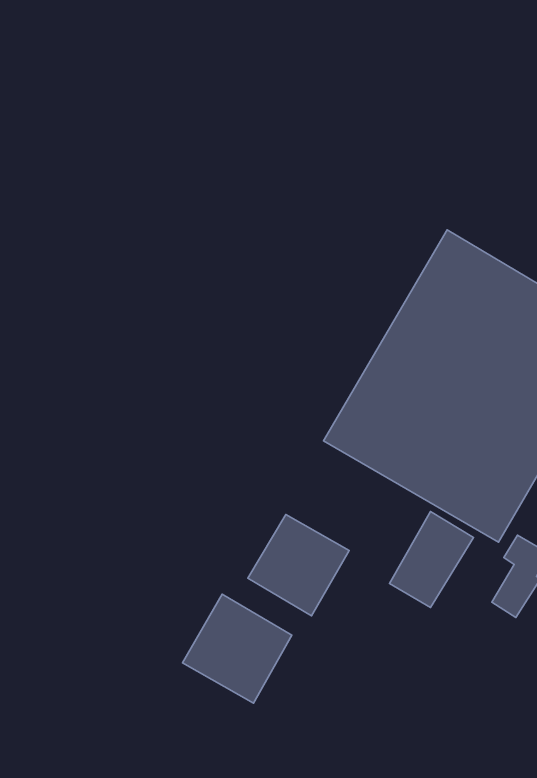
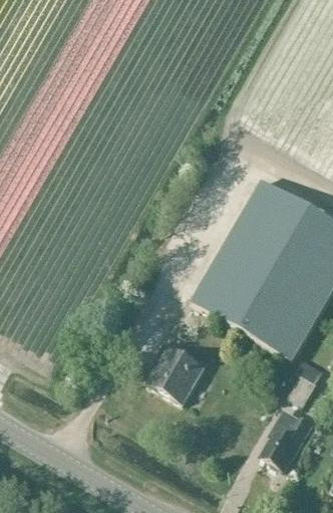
building: [389,512,473,608] -> [258,412,307,468]
building: [182,594,292,703] -> none

